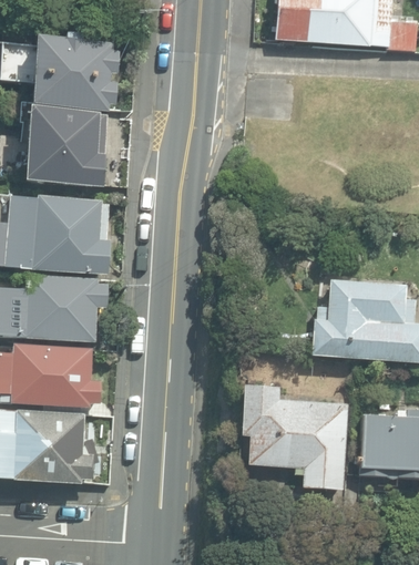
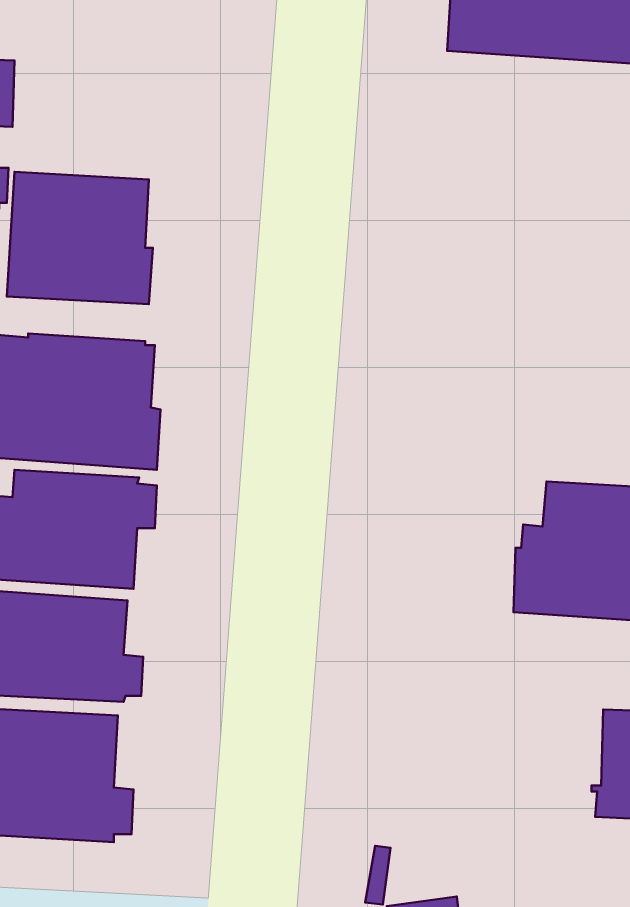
building: [30,31,117,106] -> none
building: [239,383,345,485] -> none

